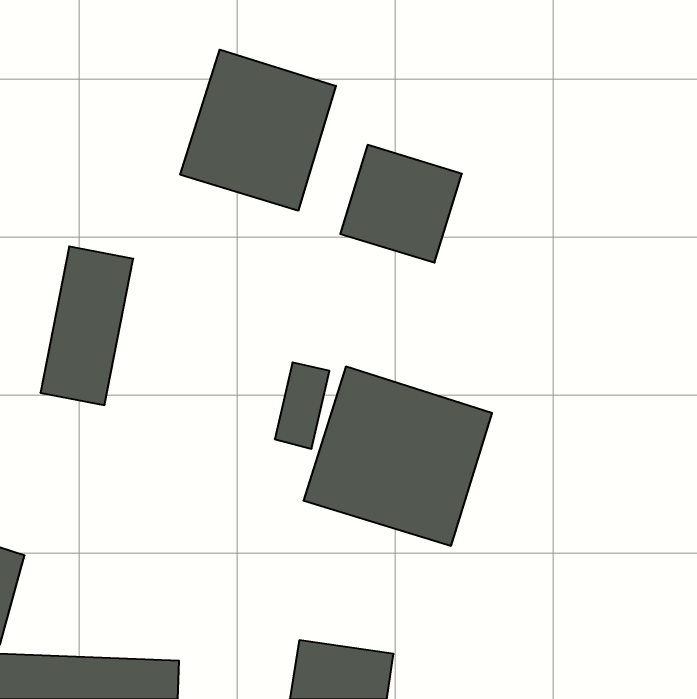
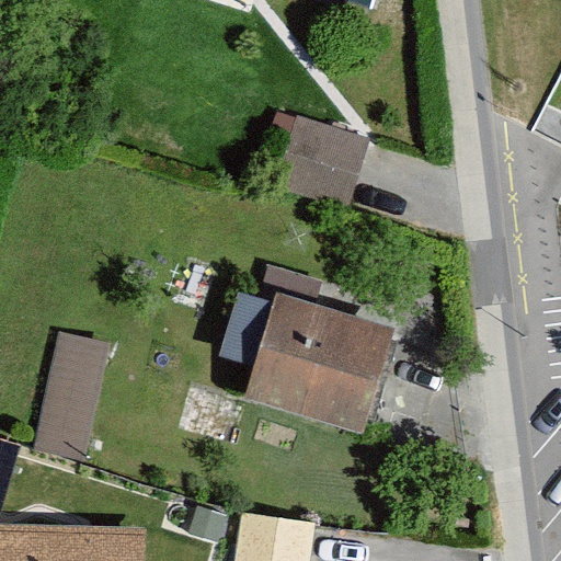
building: [180,50,336,211] -> none
building: [40,246,133,405] -> [33,329,107,456]

